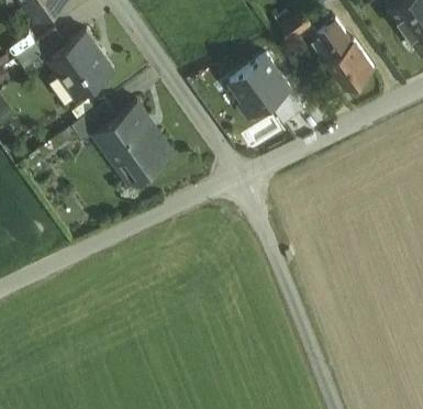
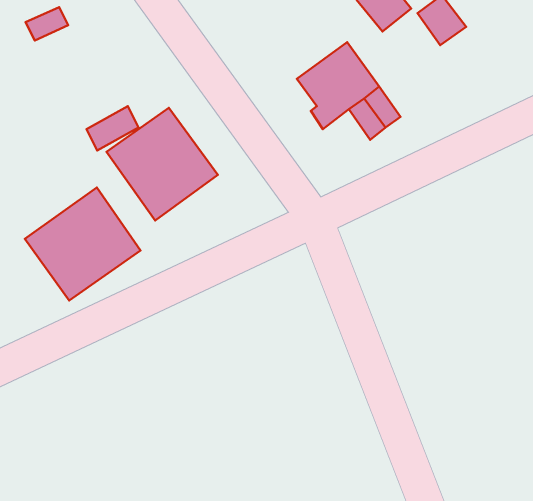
building: [47,32,112,97] -> none
building: [324,43,374,91] -> none
building: none -> [25,187,140,300]

